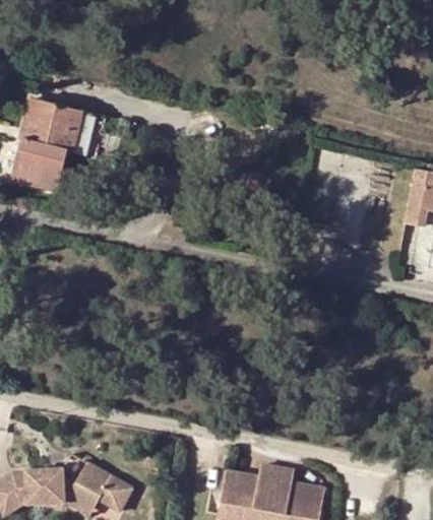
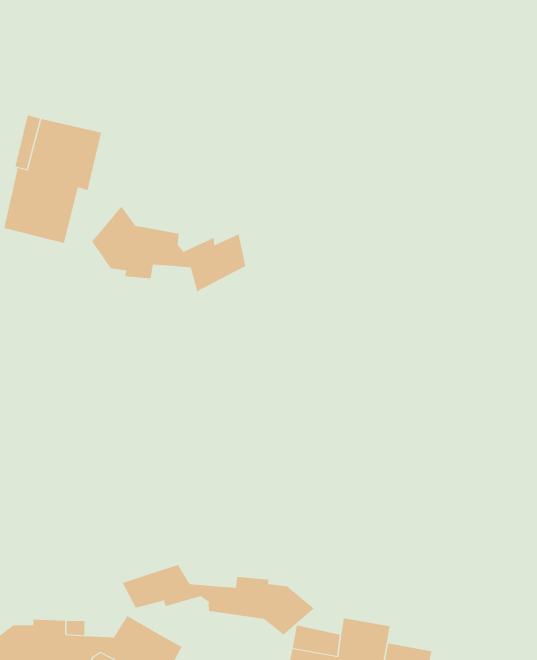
building: none -> [91,206,246,292]
building: none -> [122,564,315,635]

